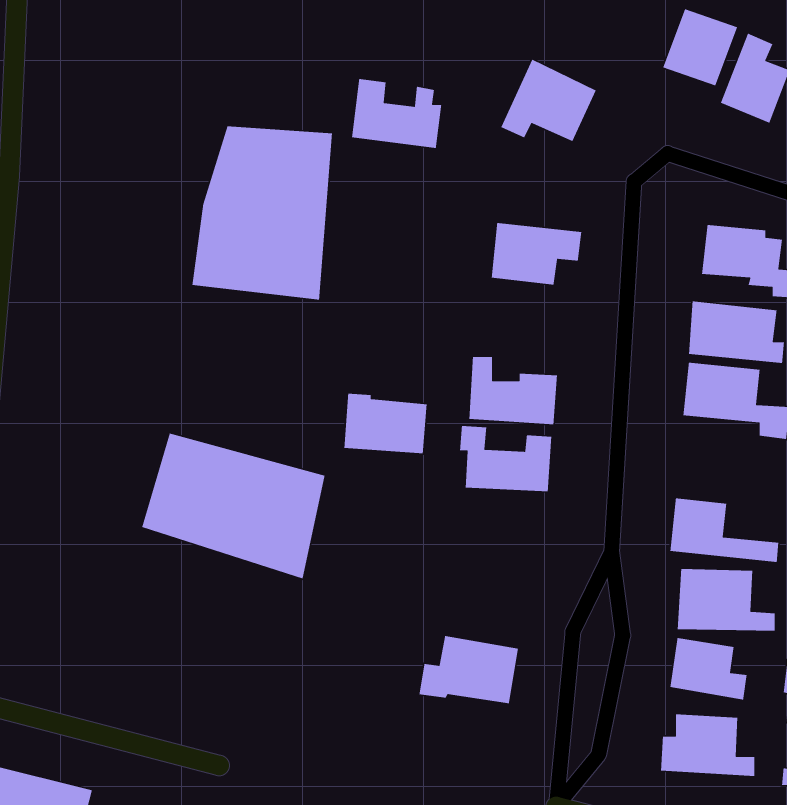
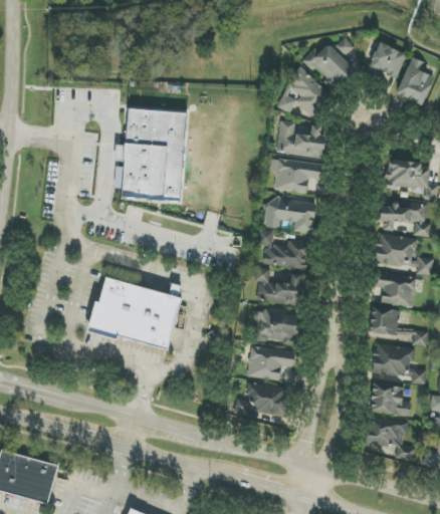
building: none -> [302,44,354,90]
building: [351,78,442,149] -> [276,120,325,159]
building: none -> [267,199,315,233]
building: [344,393,427,454] -> [253,310,298,343]
building: none -> [373,276,422,305]
building: none -> [247,345,295,380]

